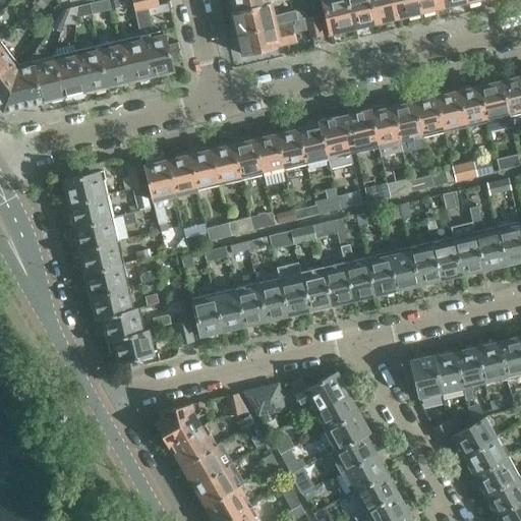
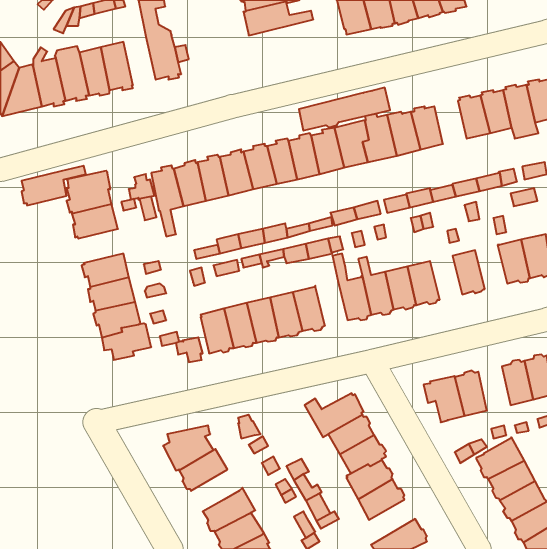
building: [237,13,324,54] -> [299,88,390,131]
building: [118,35,149,80] -> none
building: [413,96,444,136] -> none
building: [75,212,136,249] -> [22,166,86,205]
building: [452,232,482,274] -> none
building: [409,242,440,284] -> none
building: [300,266,331,308] -> none
building: [109,328,158,369] -> none
building: [455,346,485,400] -> none
building: [243,384,284,415] -> none
building: [182,442,233,484] -> none
building: [351,473,396,511] -> none

